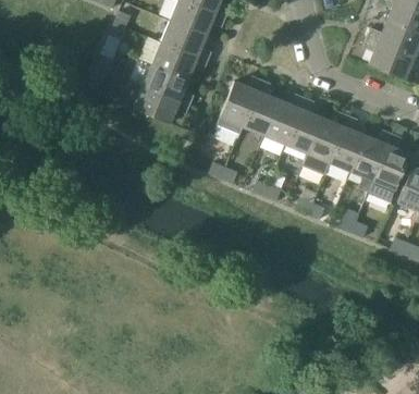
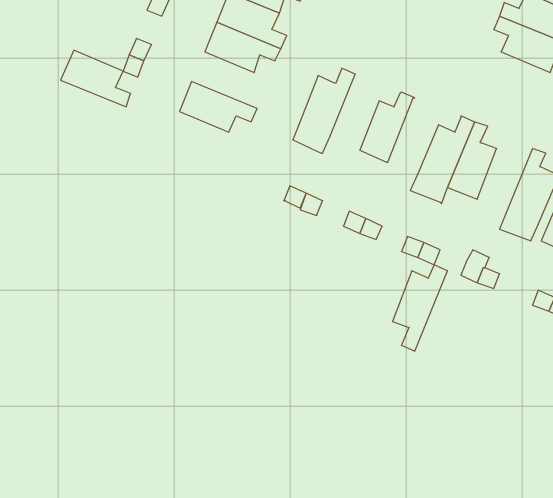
building: [141,64,193,106] -> [61,50,131,107]
building: [243,81,279,136] -> none
building: [285,98,322,153] -> none
building: [350,131,391,194] -> [392,265,448,351]

